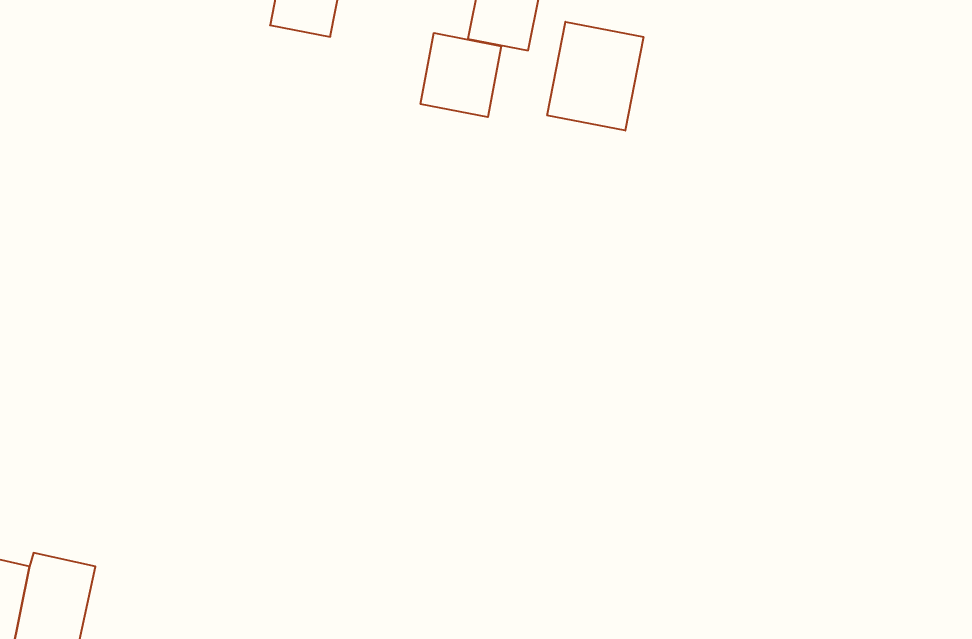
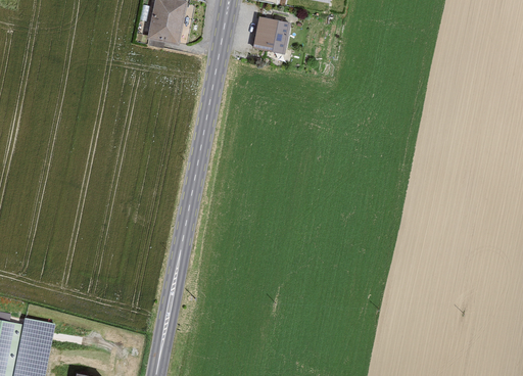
building: [547,22,643,131] -> none
building: [421,33,501,117] -> none

